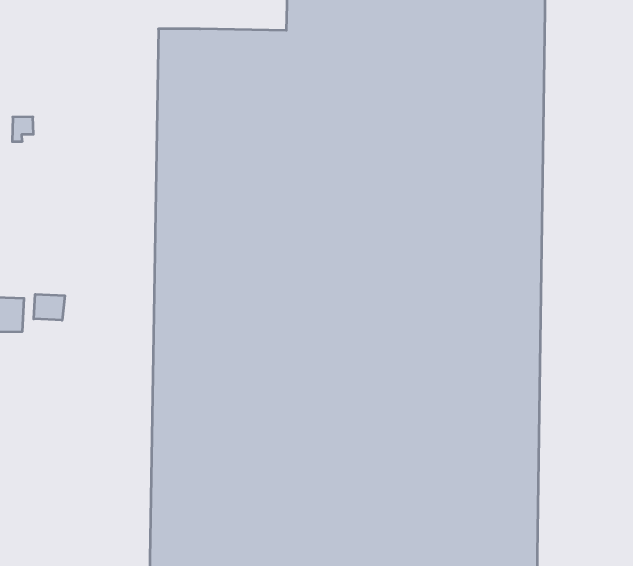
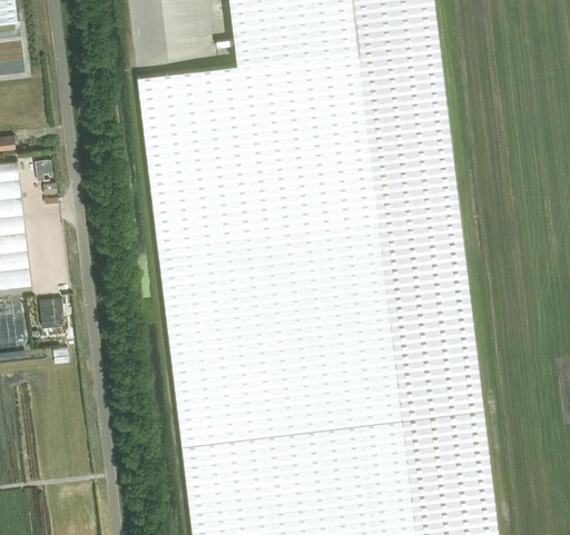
building: [34,294,65,320] -> none

